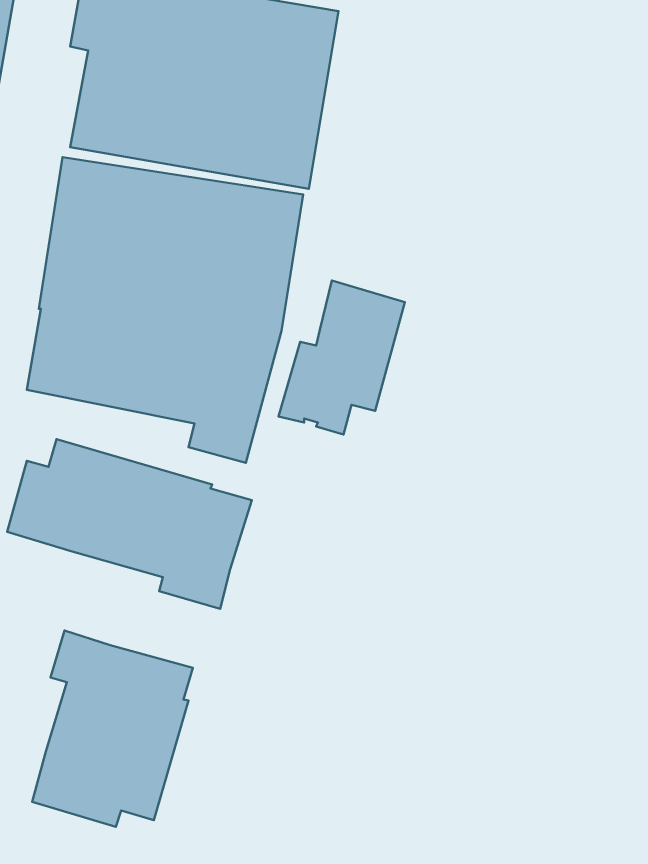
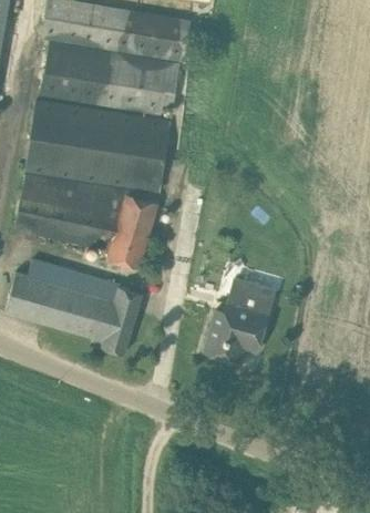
building: [279,281,405,434] -> [204,275,275,361]
building: [32,631,193,827] -> none

